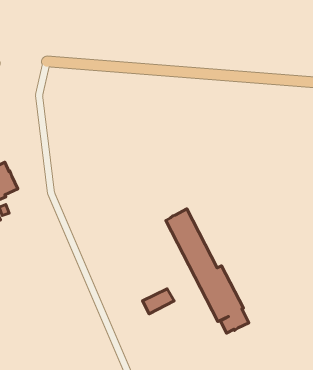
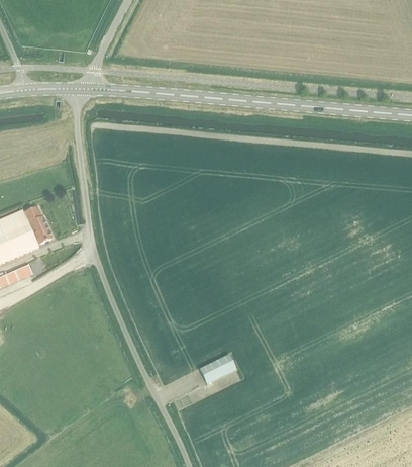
building: [166,209,249,333] -> none

